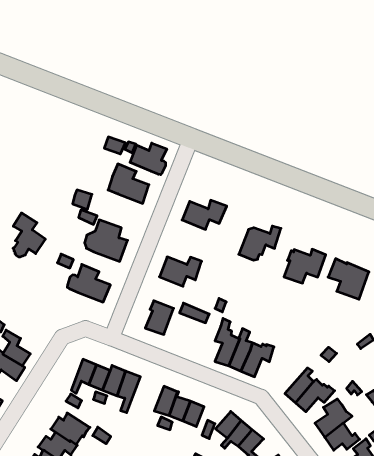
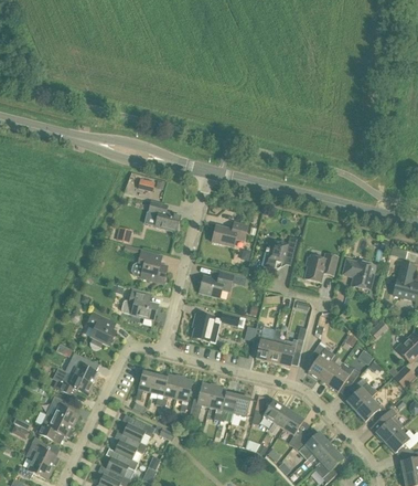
building: [130,143,167,175] -> none
building: [13,213,45,257] -> [87,311,116,349]
building: none -> [308,342,334,378]
building: none -> [189,381,214,419]

